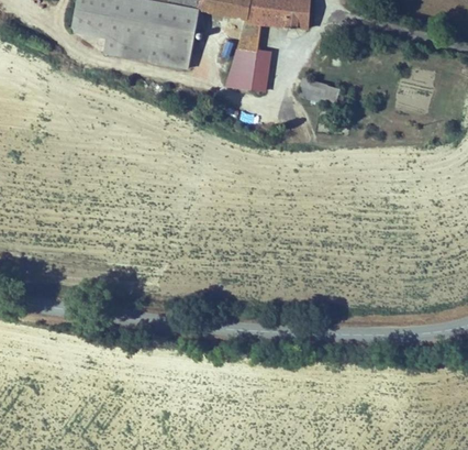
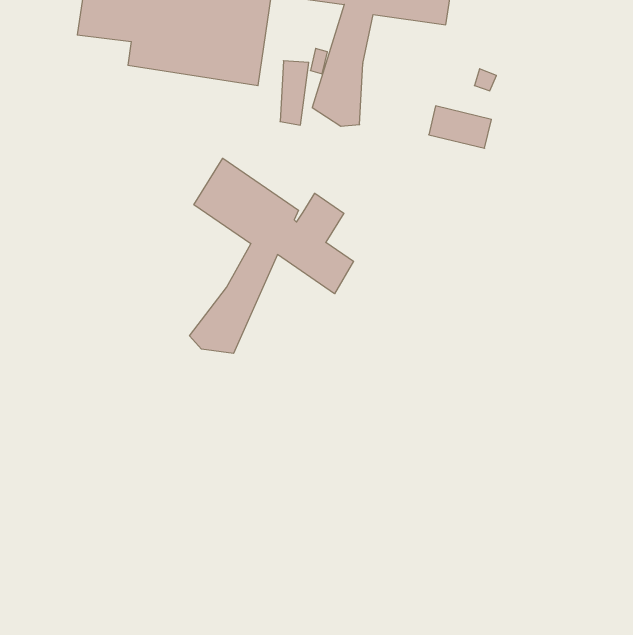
building: [255,53,274,95] -> [280,61,309,125]
building: none -> [190,158,354,353]

